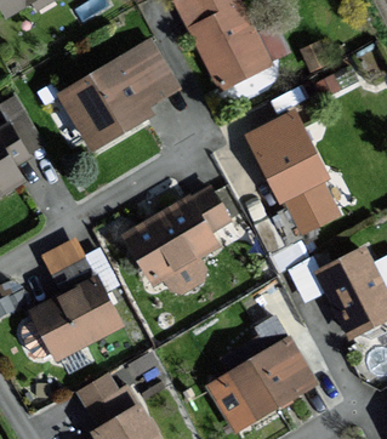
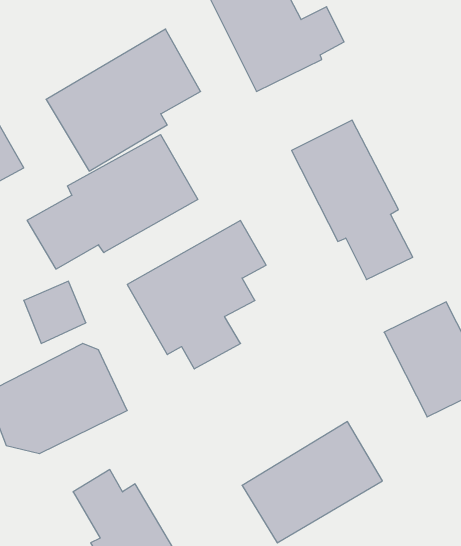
building: none -> [27,135,198,269]

